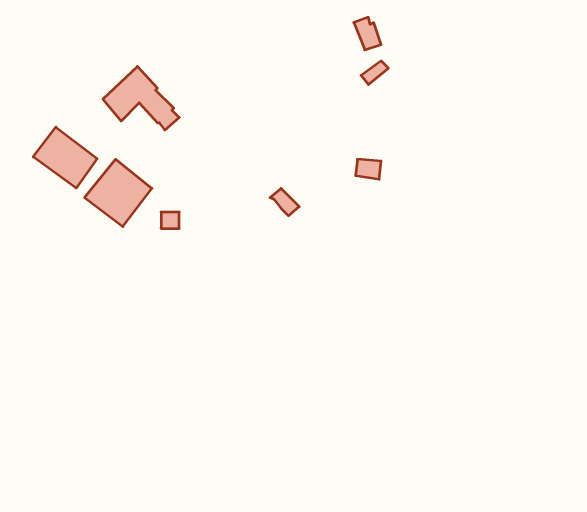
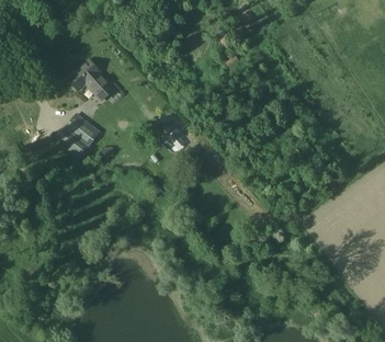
building: [33,127,97,188] -> none

